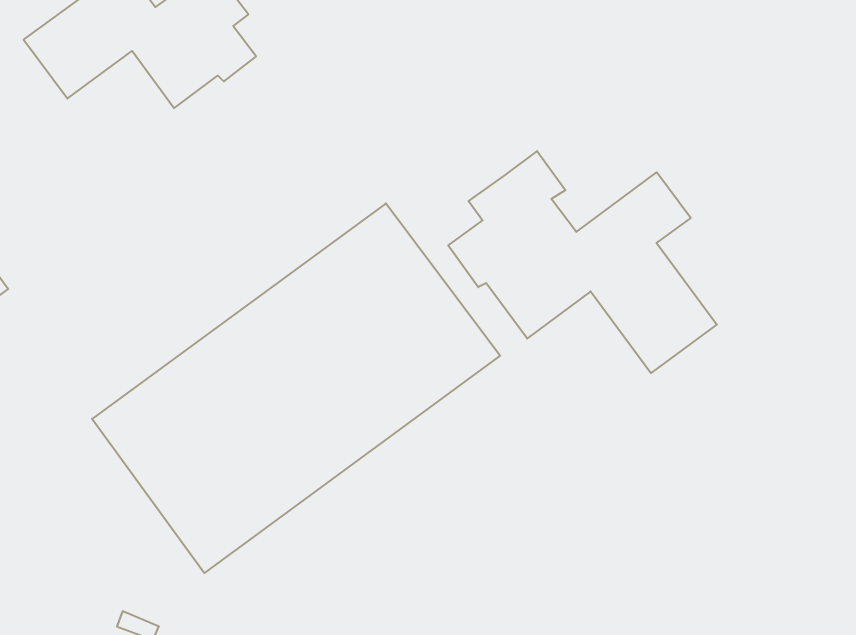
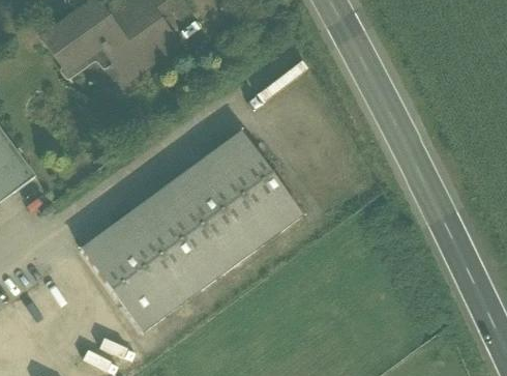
building: [448,151,717,373] -> none

